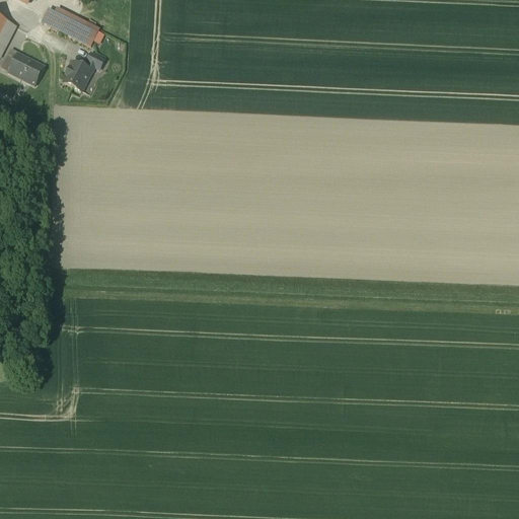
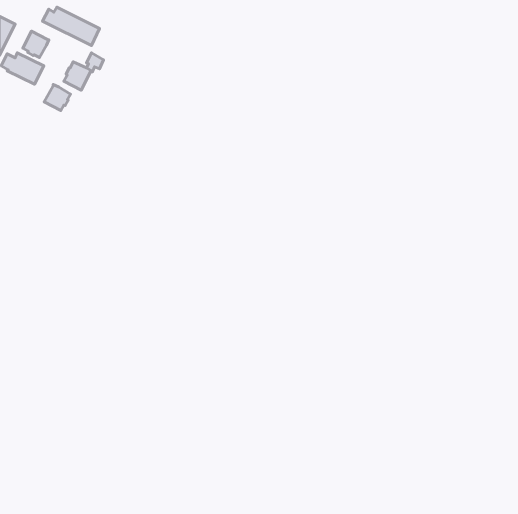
building: none -> [23,31,49,58]
building: none -> [44,85,71,111]

